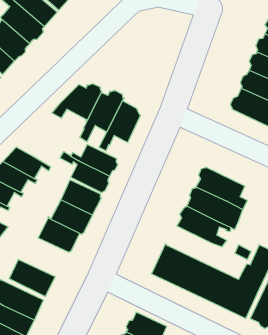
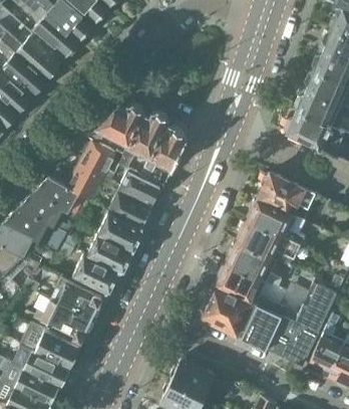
building: none -> [67,137,116,199]
building: none -> [259,172,315,219]
building: none -> [217,262,299,321]
building: none -> [51,277,102,319]

